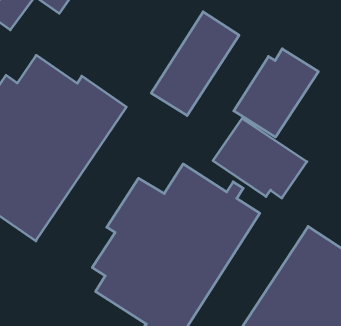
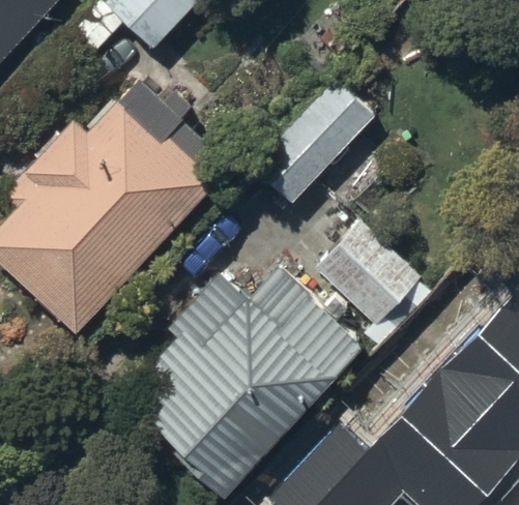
building: [234,49,318,137] -> none

